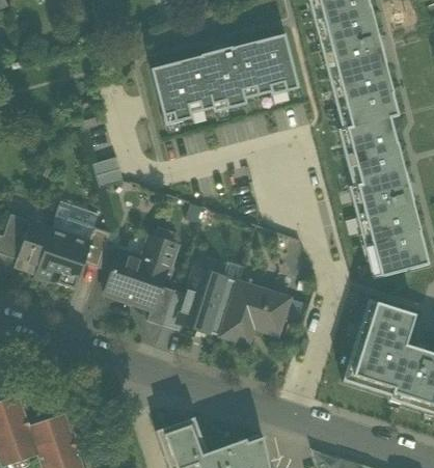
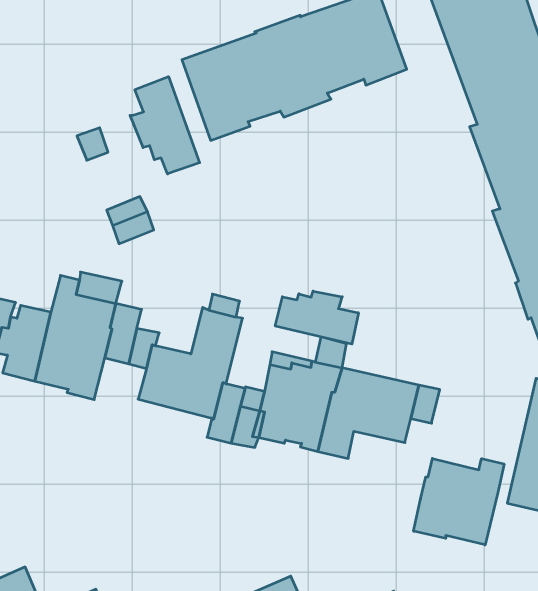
building: none -> [130,77,200,174]
building: none -> [275,291,358,344]
building: none -> [414,458,504,545]

